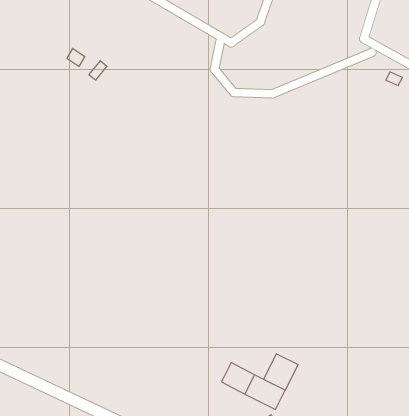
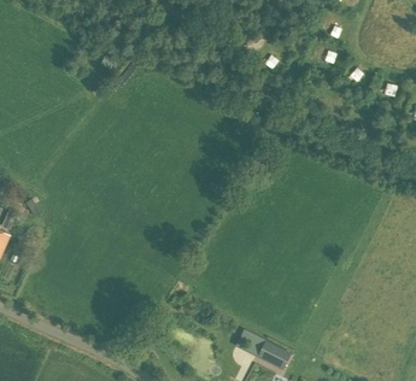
building: [264,354,298,390] -> none

